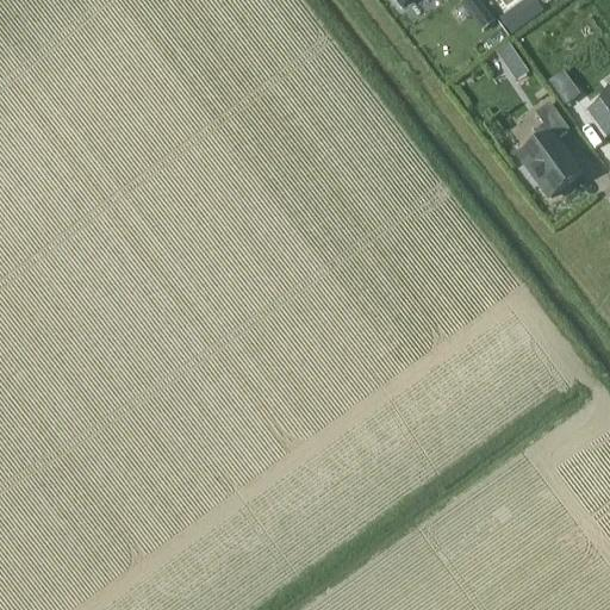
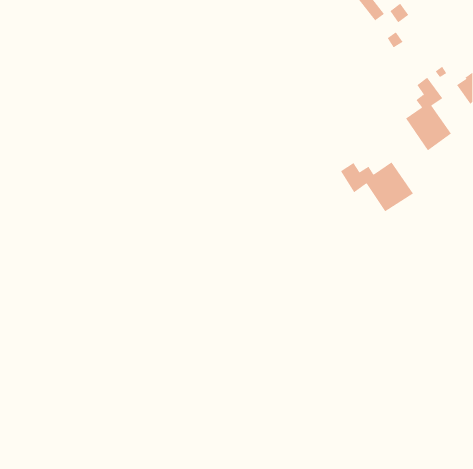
building: none -> [340,162,414,212]

